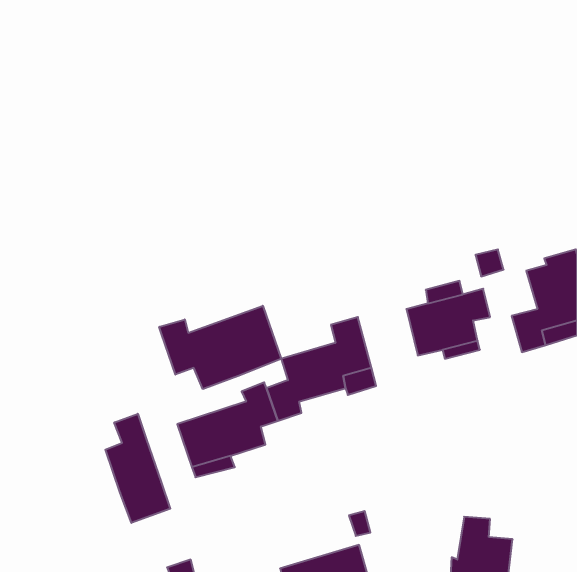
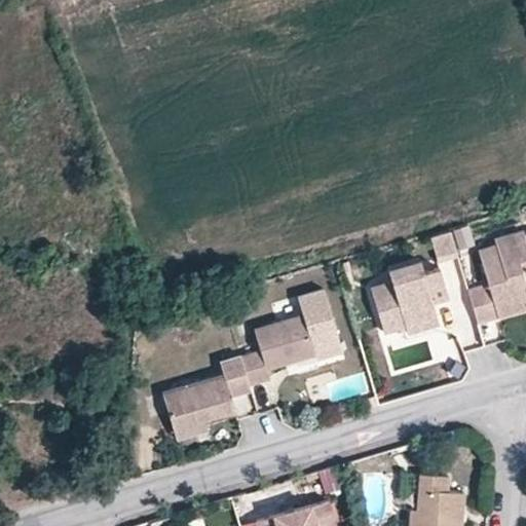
building: [159,306,281,389] -> none
building: [105,414,170,523] -> none

